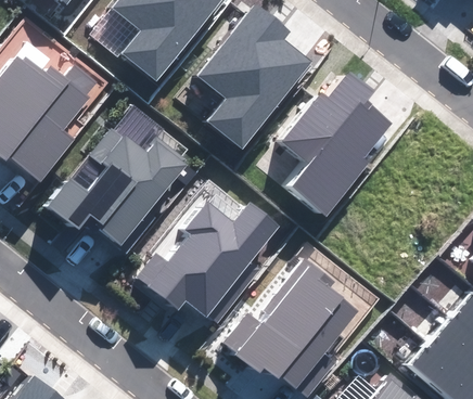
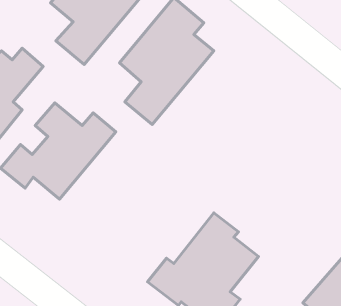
building: [278,68,392,220] -> none
building: [138,201,278,322] -> none

